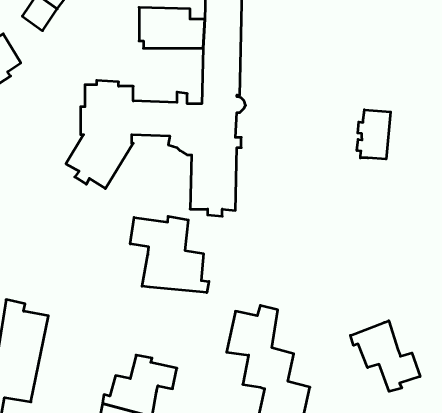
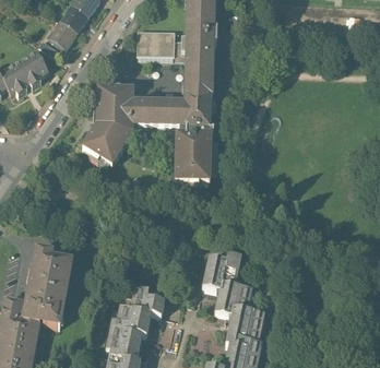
building: [357,110,391,159] -> none
building: [130,216,209,293] -> none
building: [350,321,420,391] -> none

